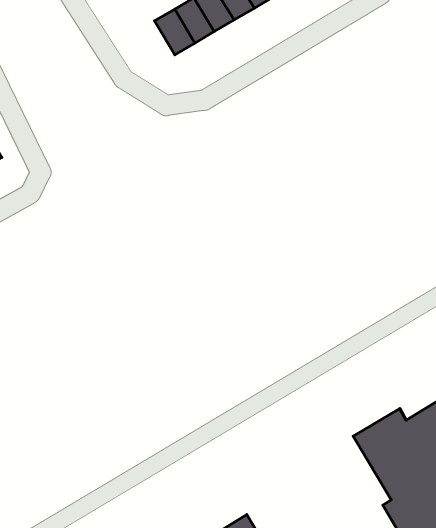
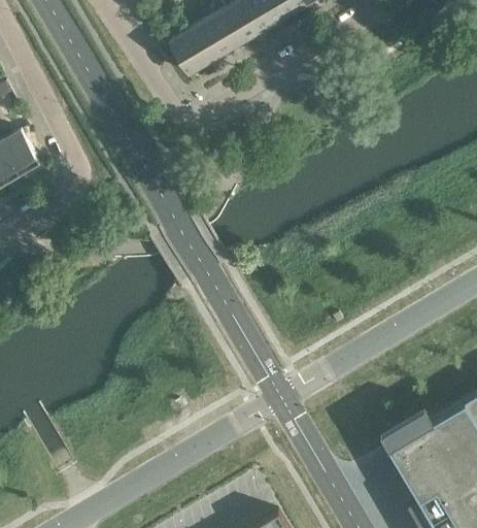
building: none -> [169,30,208,74]

